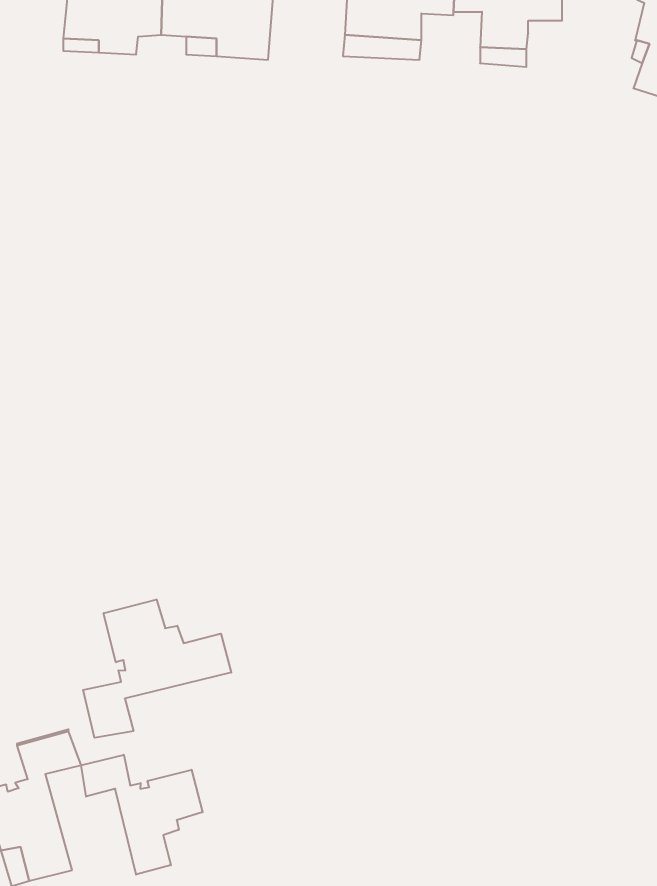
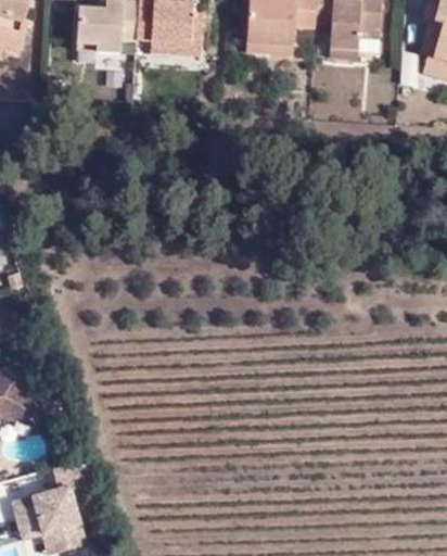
building: [83,599,231,738] -> none
building: [81,755,203,875] -> none

